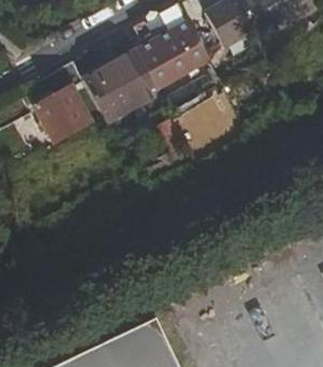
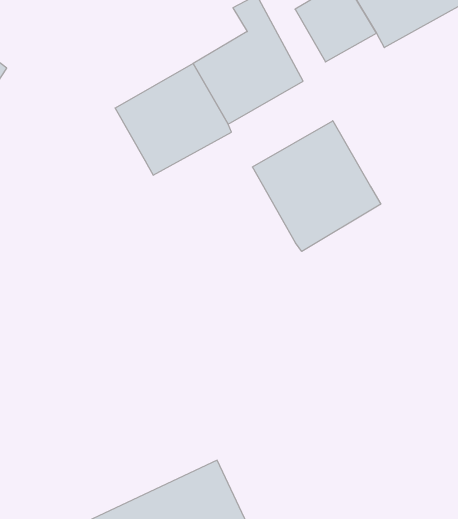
building: [34,62,102,143] -> none
building: none -> [252,121,381,251]

